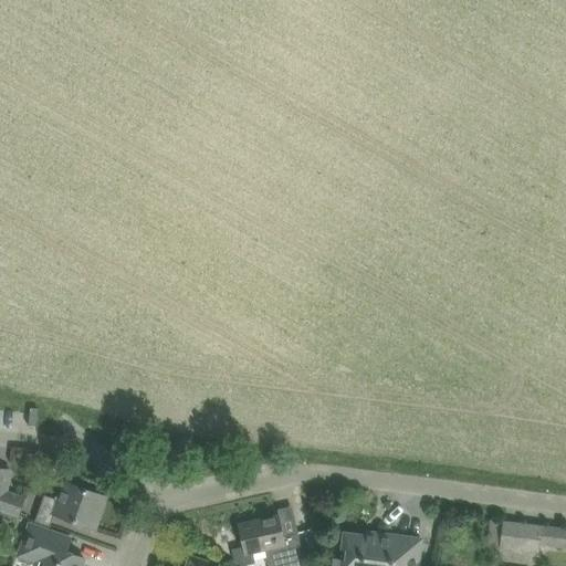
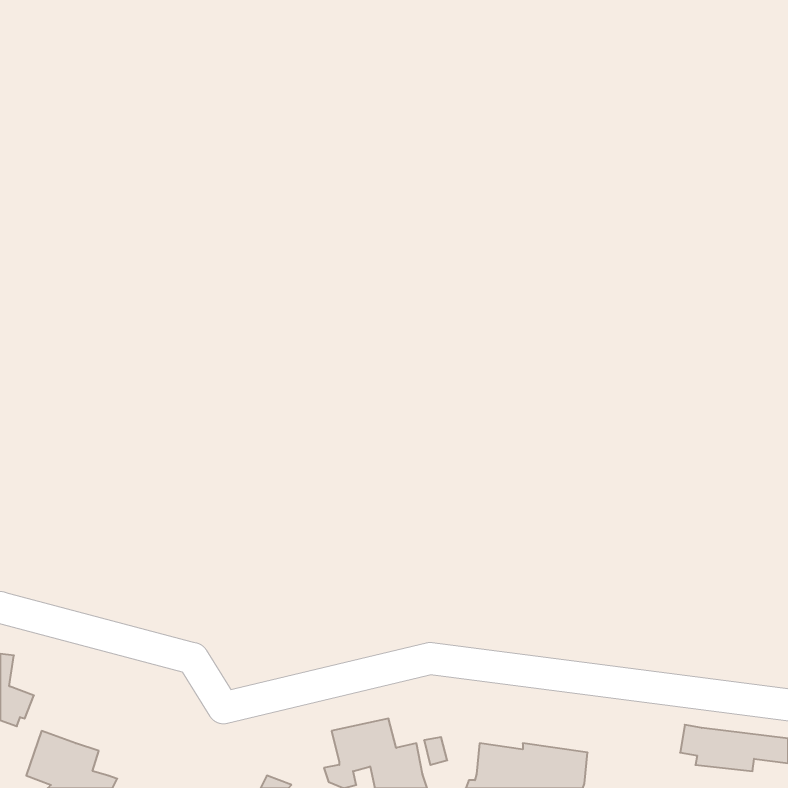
building: [35,482,106,528] -> none

